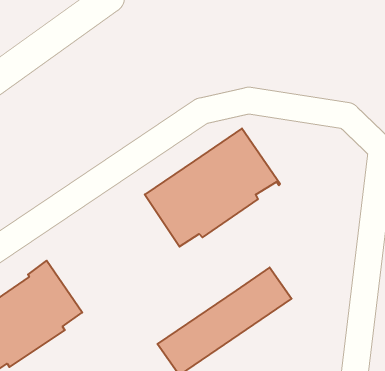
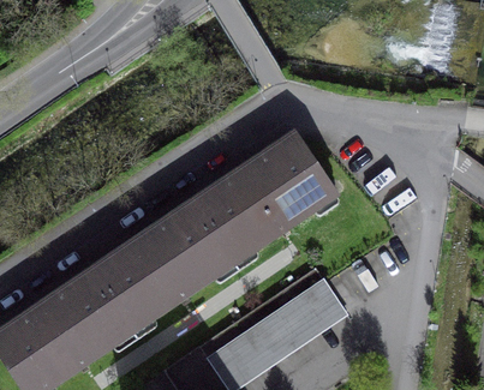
building: none -> [91,203,229,325]

